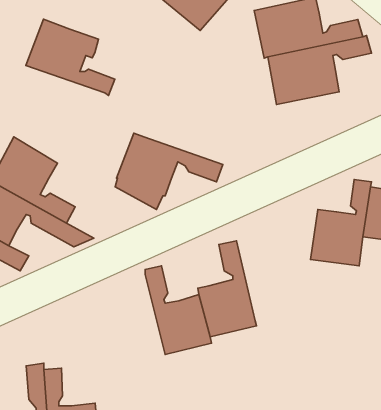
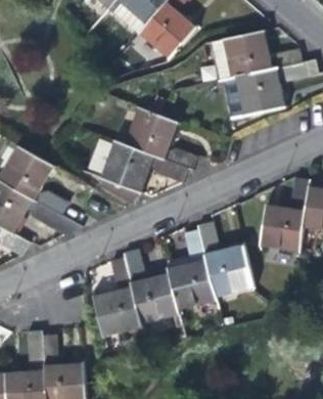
building: [26,19,115,95] -> [124,106,196,169]
building: none -> [198,222,253,295]
building: none -> [94,257,142,336]

